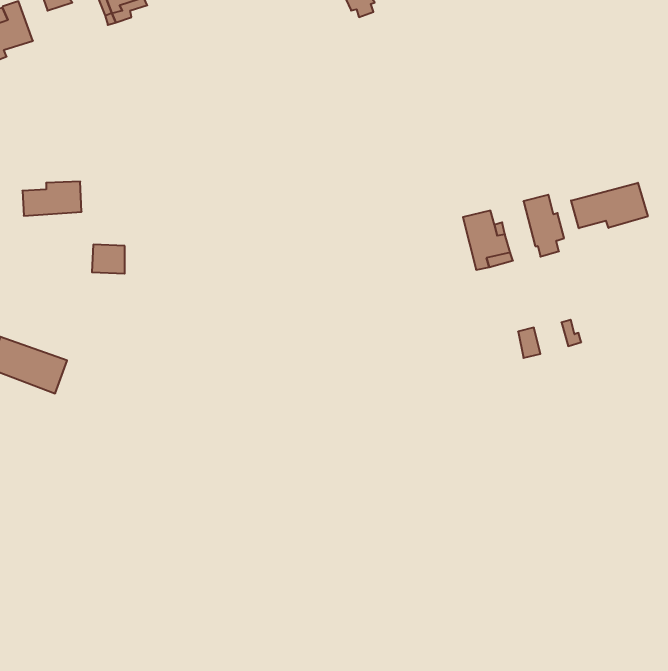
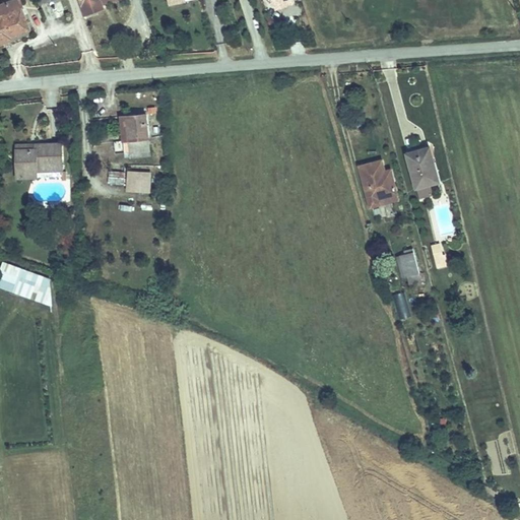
building: none -> [126,112,150,150]
building: [571,183,648,228] -> none
building: [92,245,125,274] -> [122,170,147,192]

